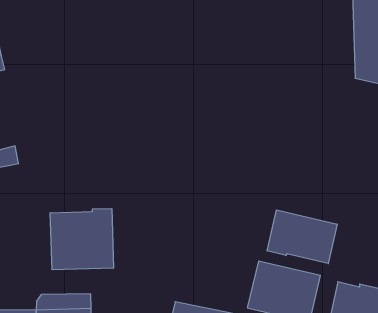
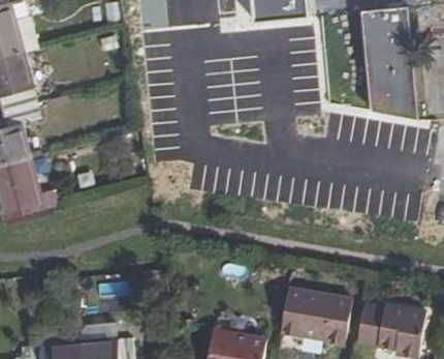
building: [50,209,113,270] -> none
building: [267,210,337,264] -> none

